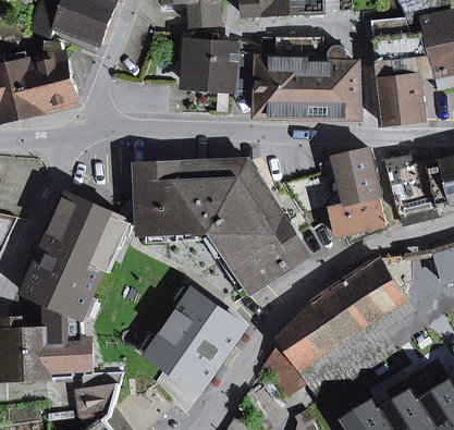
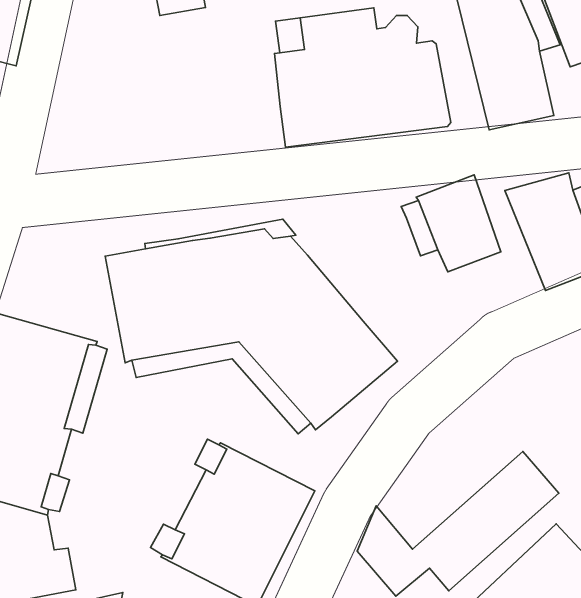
building: [186,34,257,91] -> none
building: [329,198,384,237] -> none
building: [281,259,405,371] -> none

